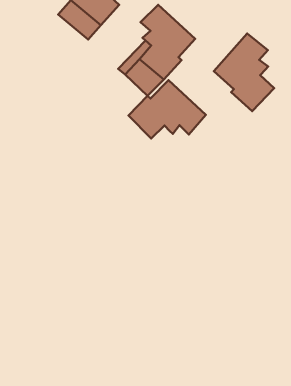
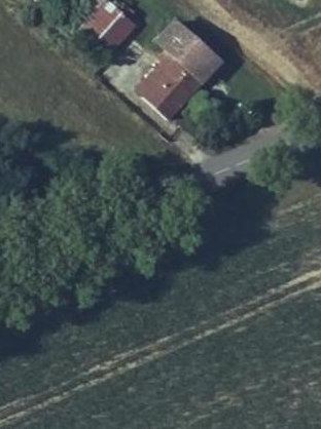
building: [214,33,274,111] -> none
building: [129,80,206,139] -> none

